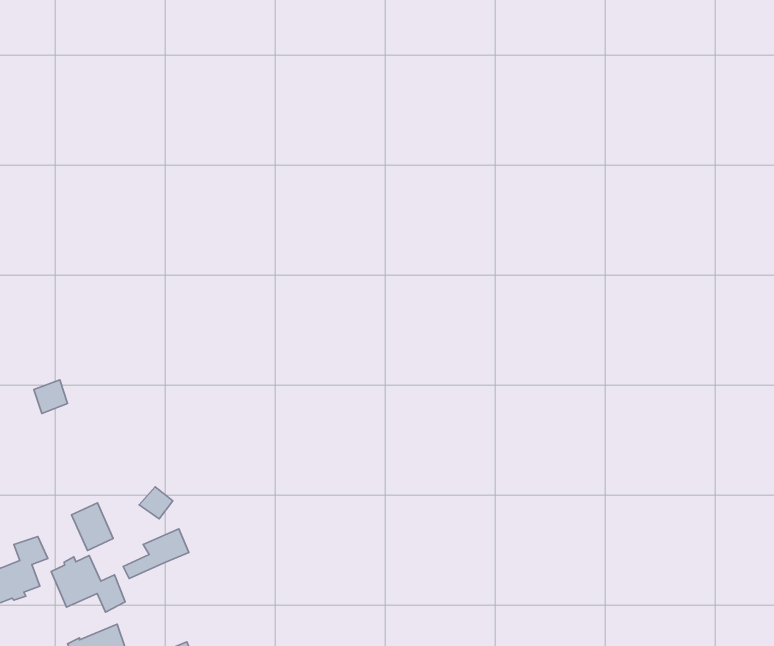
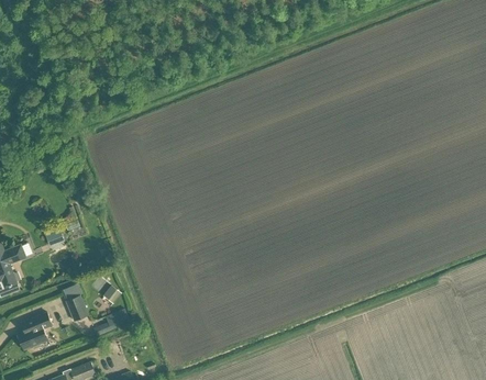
building: [51,556,125,612] -> none

